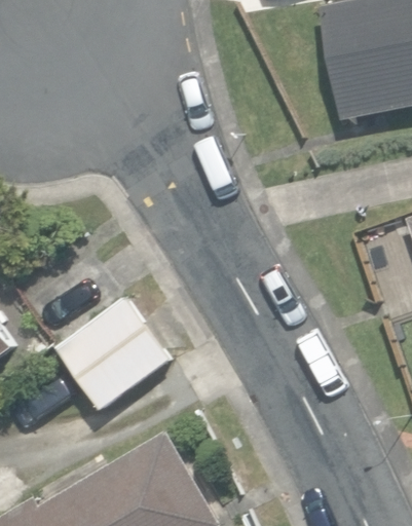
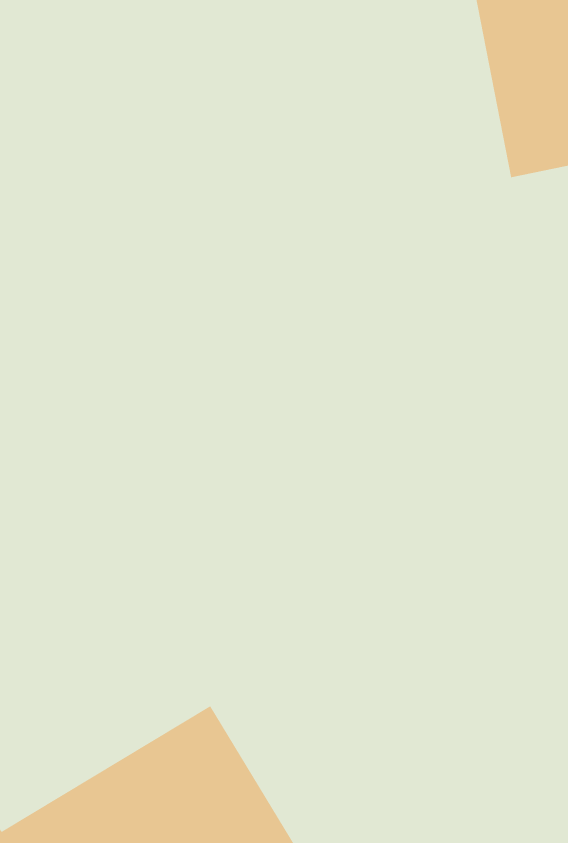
building: [57,298,168,408] -> none

